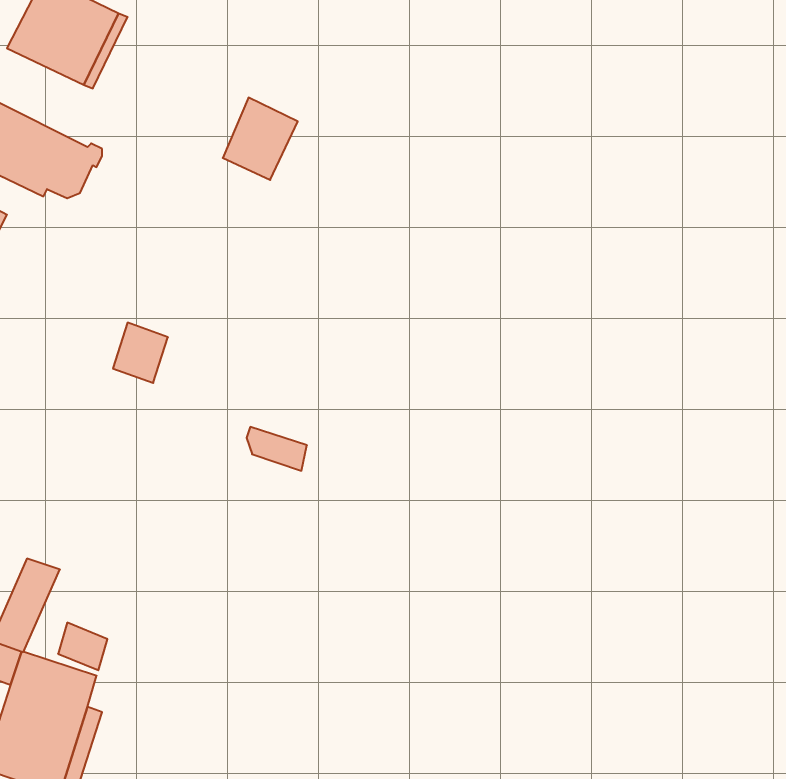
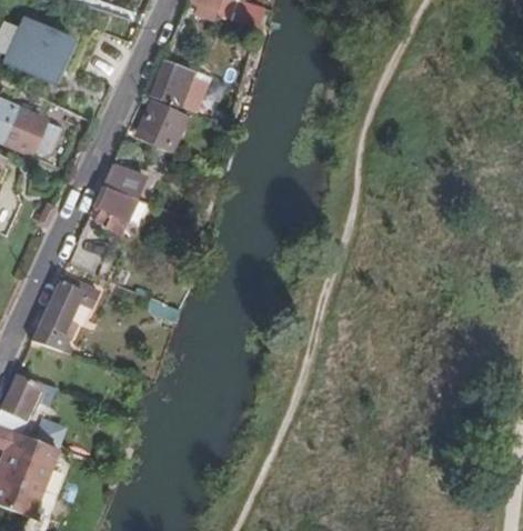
building: none -> [152,61,191,103]
building: none -> [93,166,147,232]
building: none -> [32,274,93,351]

